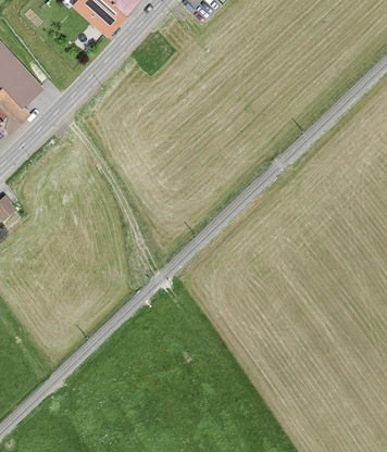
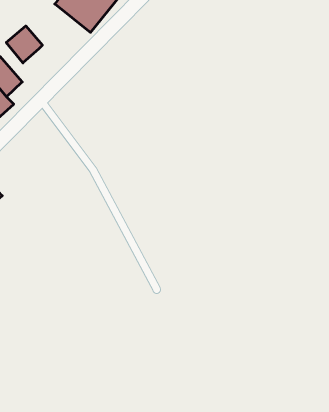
building: none -> [6,26,42,63]

